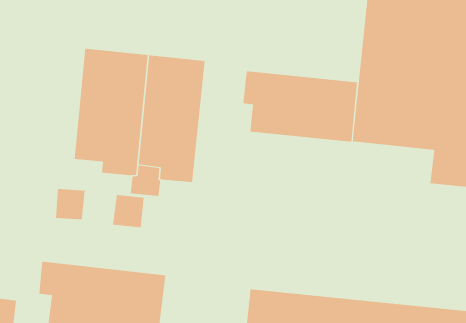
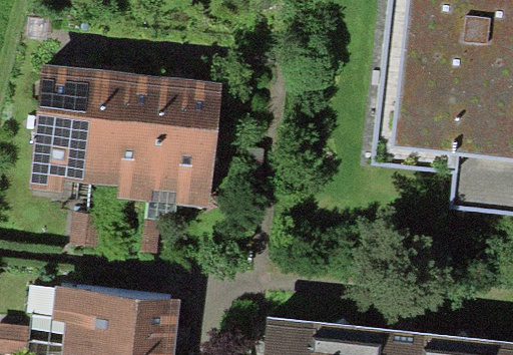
building: none -> [29,64,99,192]
building: [243,71,358,143] -> none

